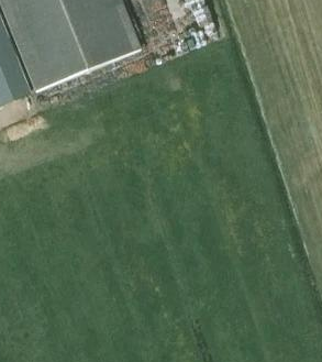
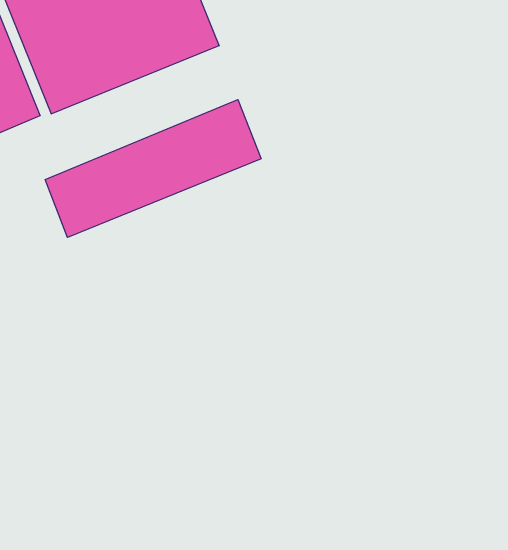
building: none -> [45,100,261,237]

